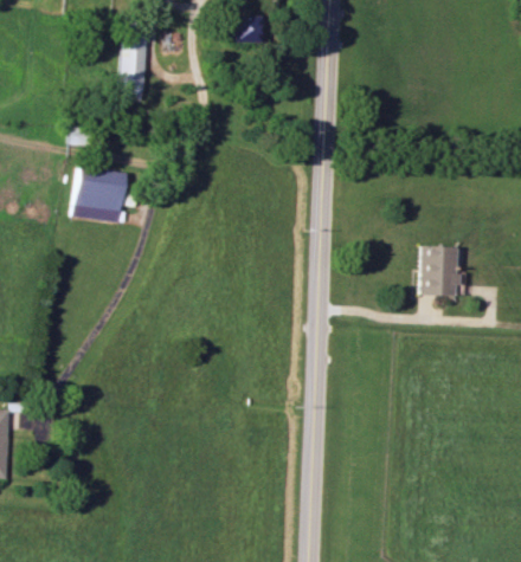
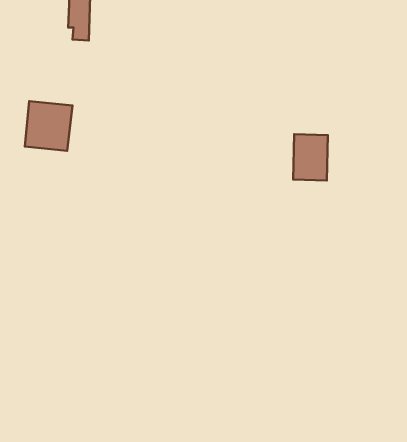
building: [422,245,459,296] -> [293,134,328,181]

